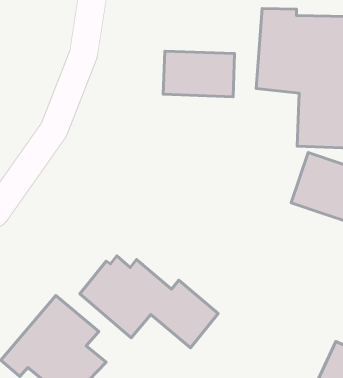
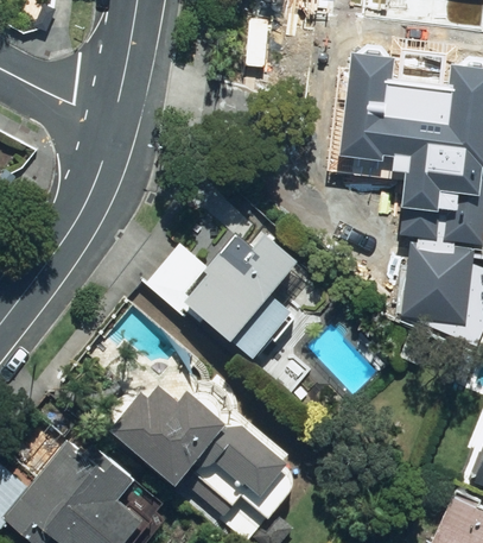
building: [163,51,235,97] -> none
building: none -> [184,229,301,364]

